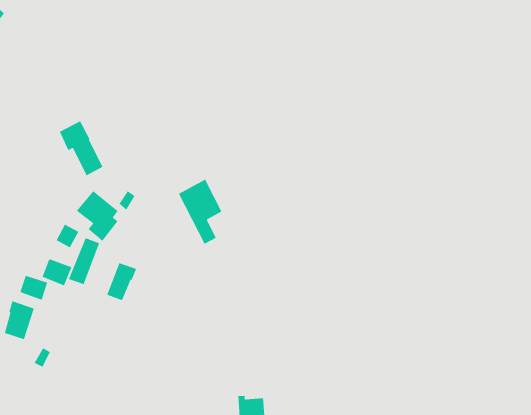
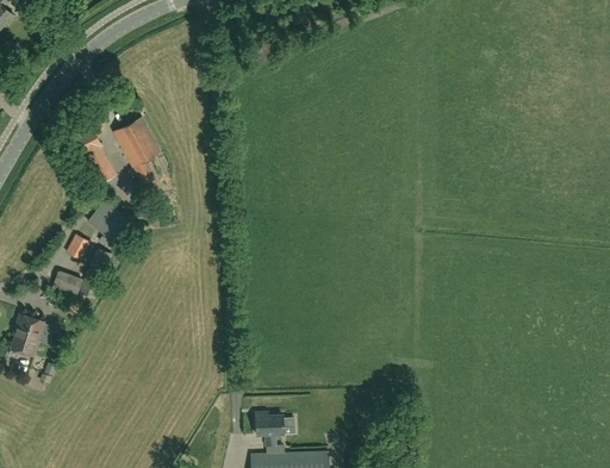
building: [178,178,223,245] -> [114,117,161,186]
building: [106,262,137,301] -> none
building: [19,275,48,301] -> none

